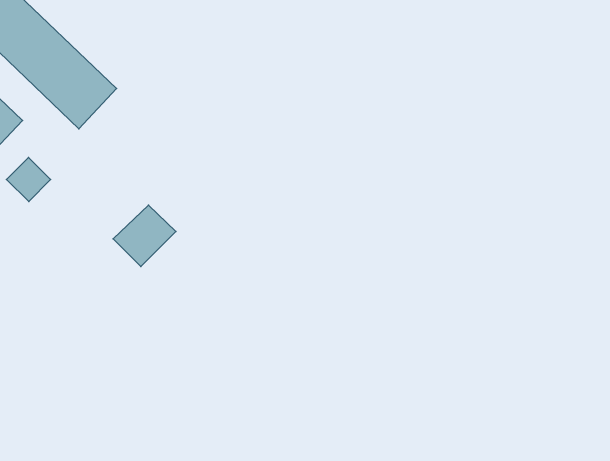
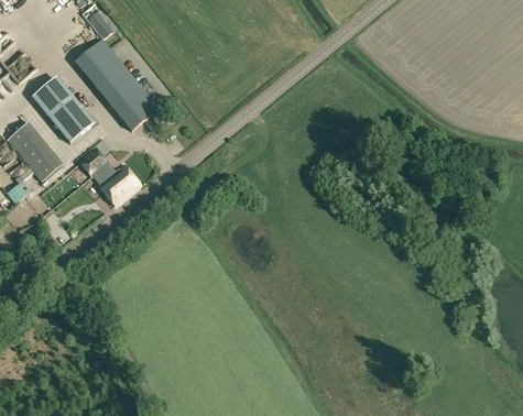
building: [113,205,176,267] -> [98,164,141,205]

